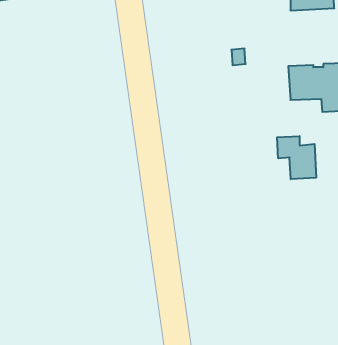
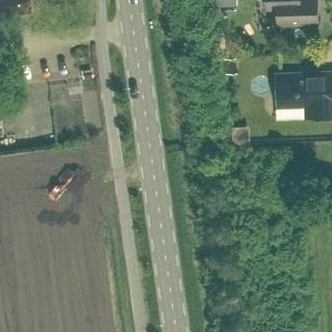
building: [277,136,316,179] -> none

